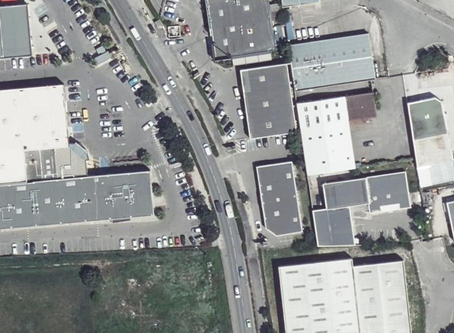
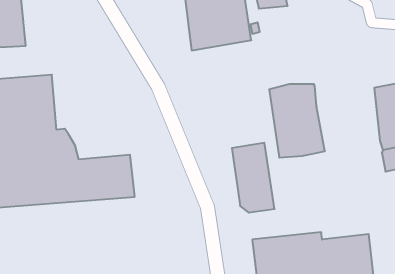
building: [288,32,374,89] -> none
building: [237,62,296,138] -> none
building: [344,95,375,120] -> none
building: [311,168,410,247] -> none

